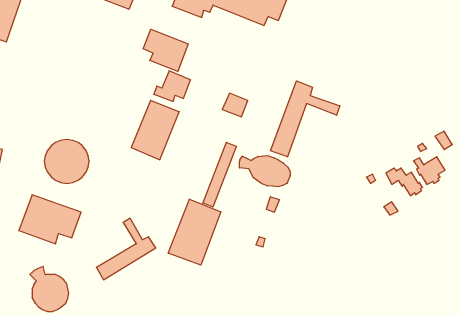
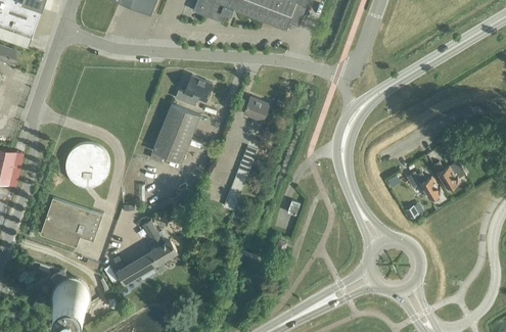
building: [143,29,188,72] -> none
building: [270,81,340,157] -> none
building: [239,156,290,187] -> none
building: [168,199,221,265] -> none

